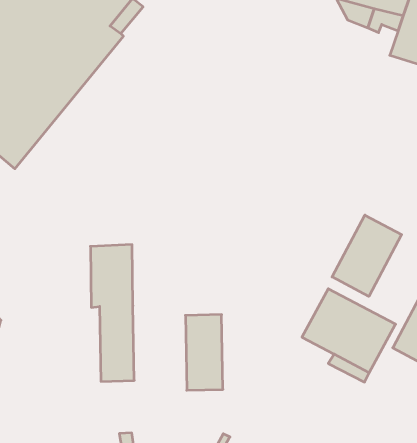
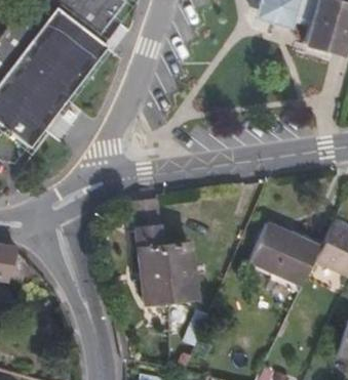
building: [332,215,402,296] -> none
building: [90,245,134,381] -> [128,202,166,304]

